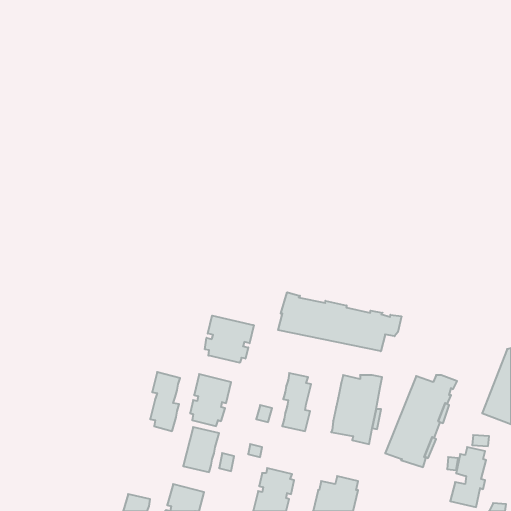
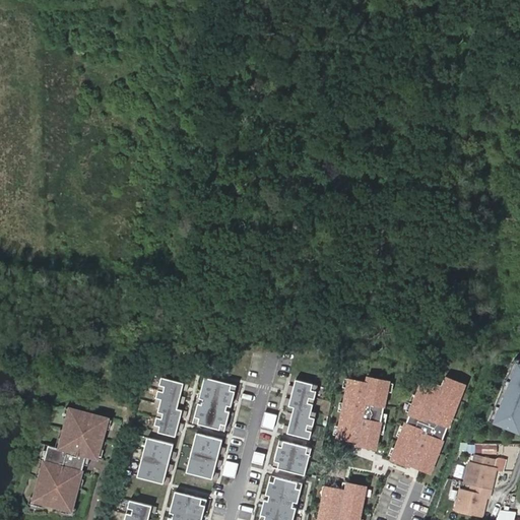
building: [278,292,401,351] -> none
building: [205,316,254,363] -> none
building: none -> [34,407,107,510]
building: none -> [134,438,173,484]
building: none -> [270,440,307,473]

